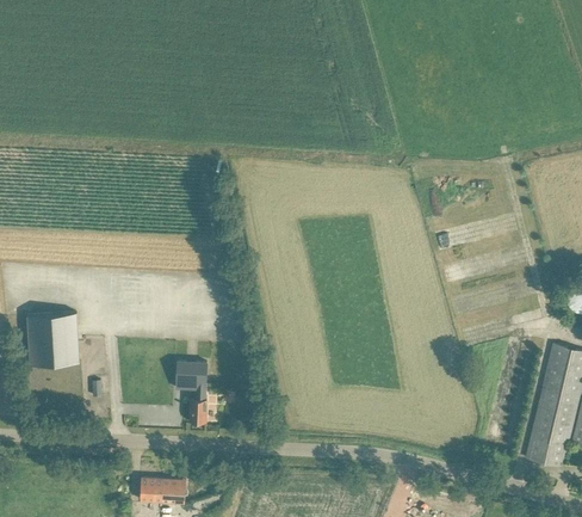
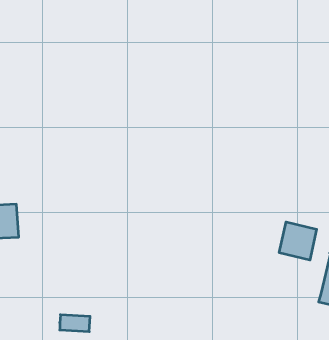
building: none -> [279,222,317,260]
building: [175,362,206,423] -> none

